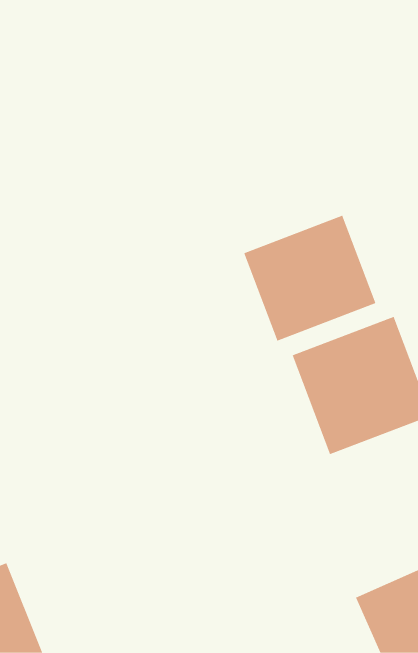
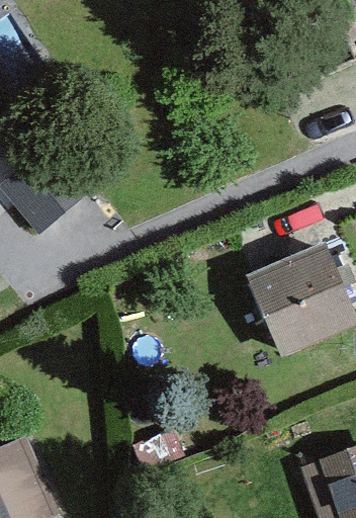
building: [243,215,376,341] -> none

